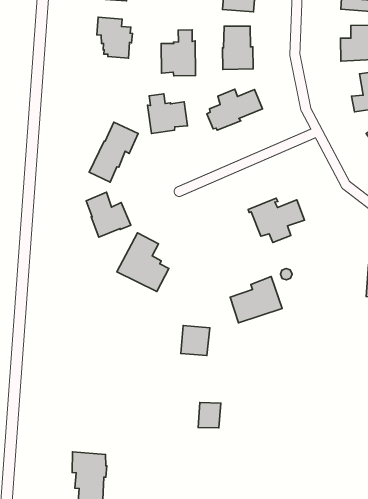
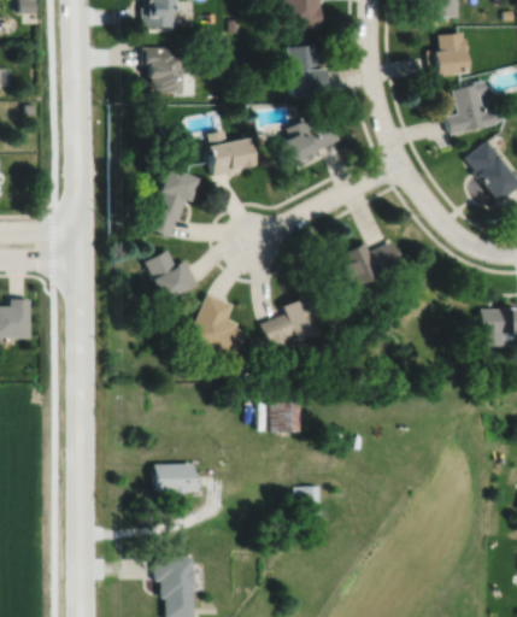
building: [161,30,196,76] -> none
building: [230,277,282,323] -> [262,296,323,353]
building: none -> [155,465,199,495]

